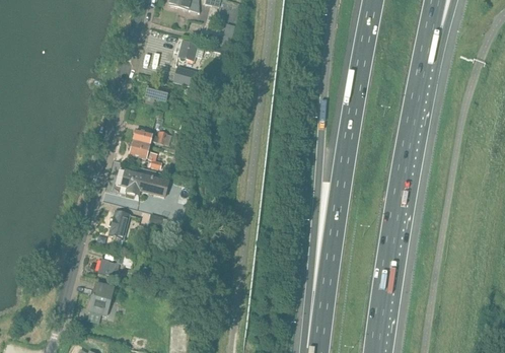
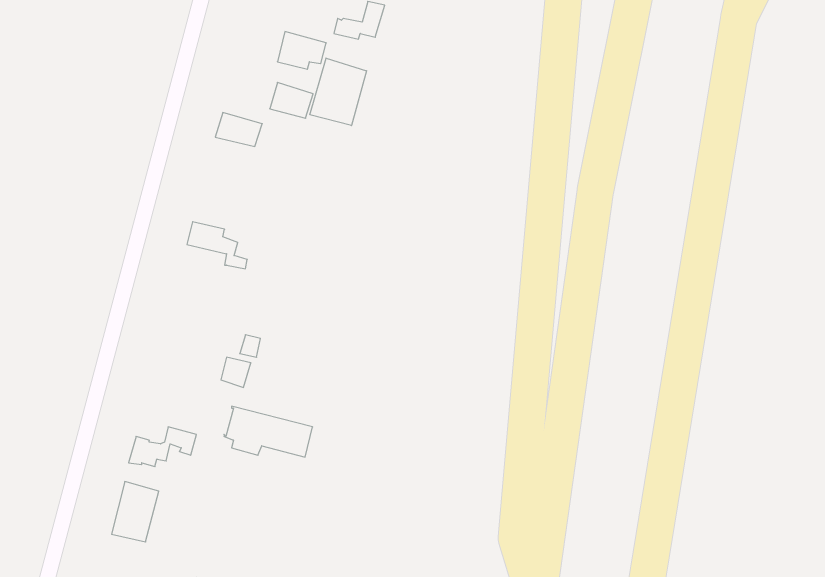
building: none -> [310,58,367,126]
building: [132,129,171,146] -> none
building: [121,169,168,197] -> [224,406,313,457]
building: [107,211,129,238] -> none

